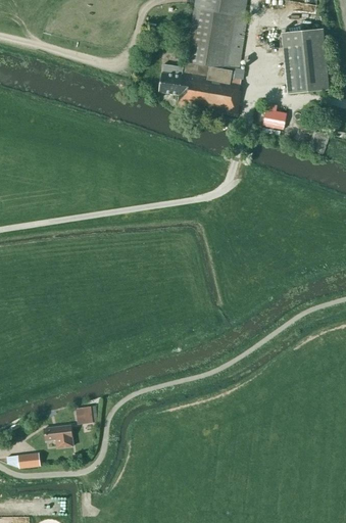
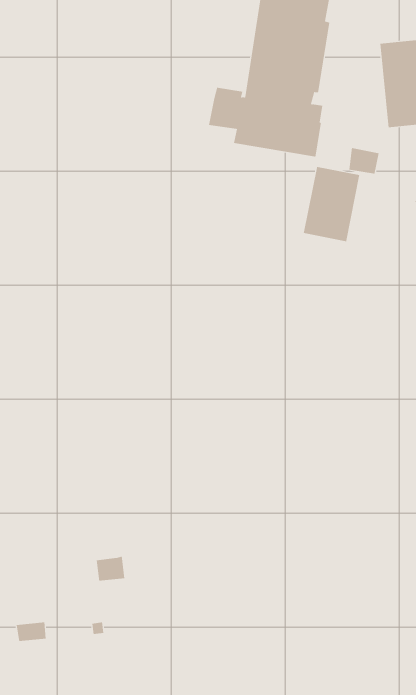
building: none -> [303,166,360,242]
building: [45,425,73,447] -> none

